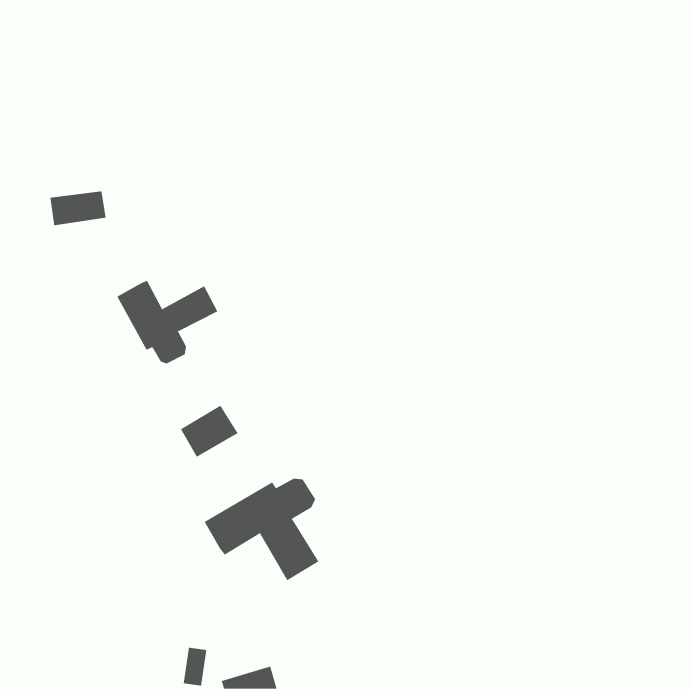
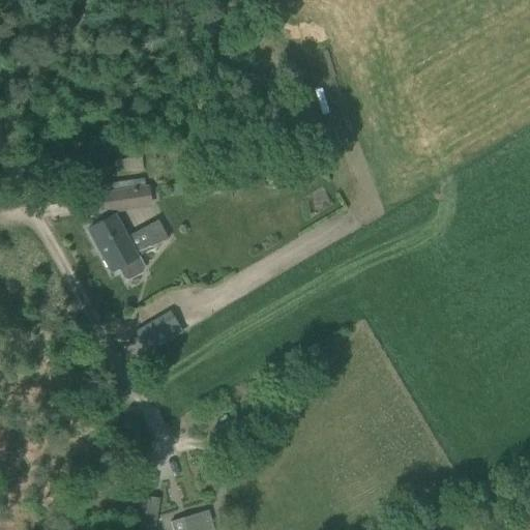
building: [49,191,106,226] -> [107,184,150,211]
building: [204,478,319,581] -> none

